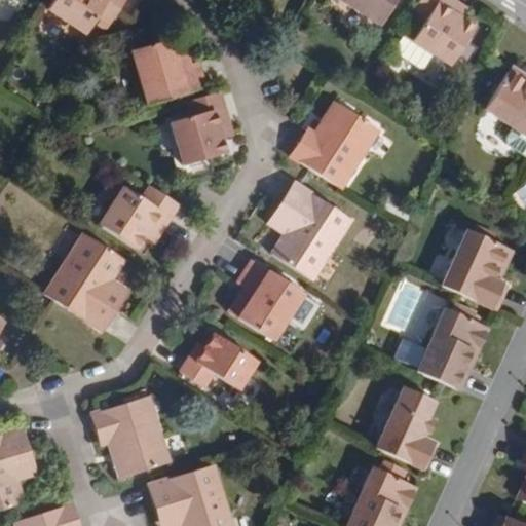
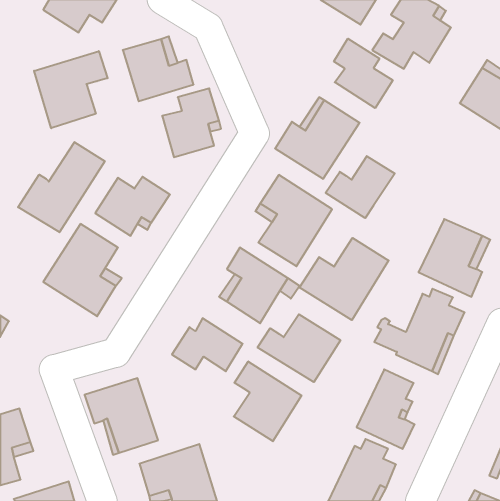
building: none -> [334,39,393,108]
building: none -> [34,51,108,128]
building: none -> [18,142,105,232]
building: none -> [326,156,395,218]
building: none -> [299,238,389,320]
building: none -> [258,314,340,382]
building: none -> [234,361,301,441]

